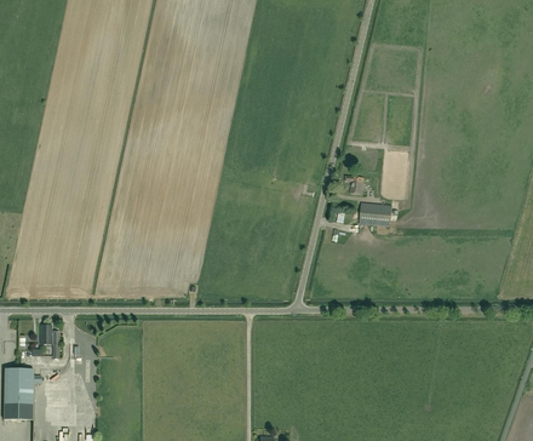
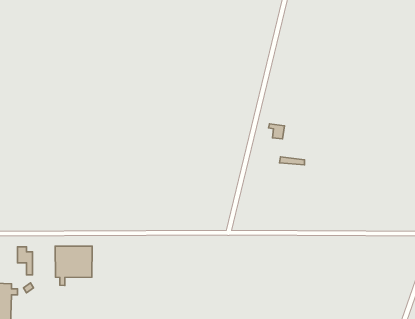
building: none -> [55,246,92,285]

